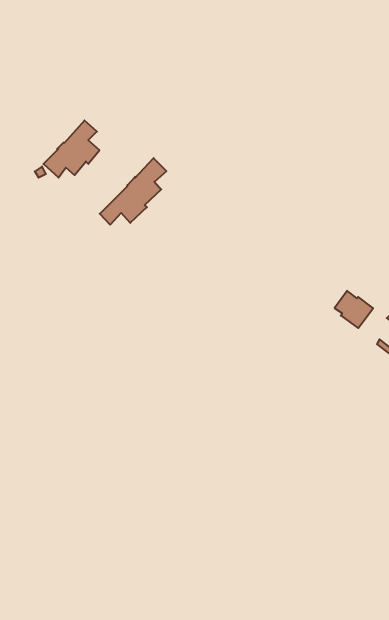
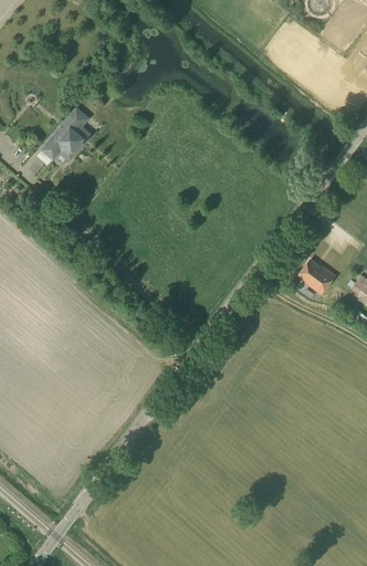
building: [100,158,166,225] -> none

